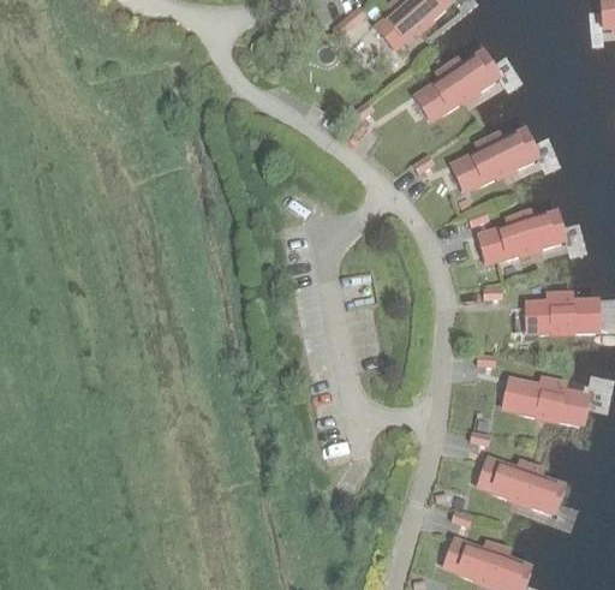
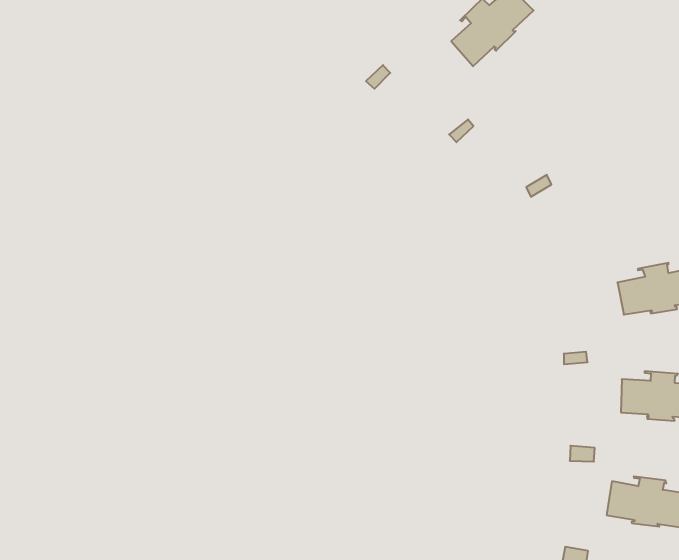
building: [464,133,535,186] -> none
building: [491,214,562,260] -> none

